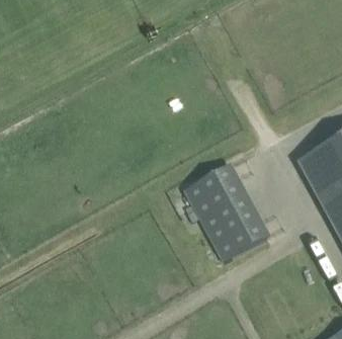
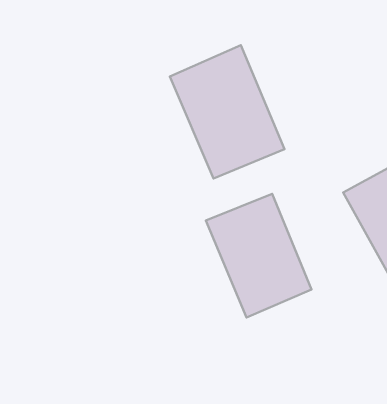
building: none -> [170,45,285,178]

